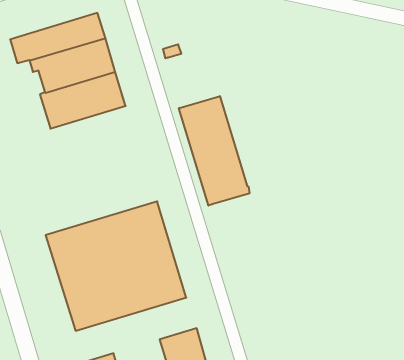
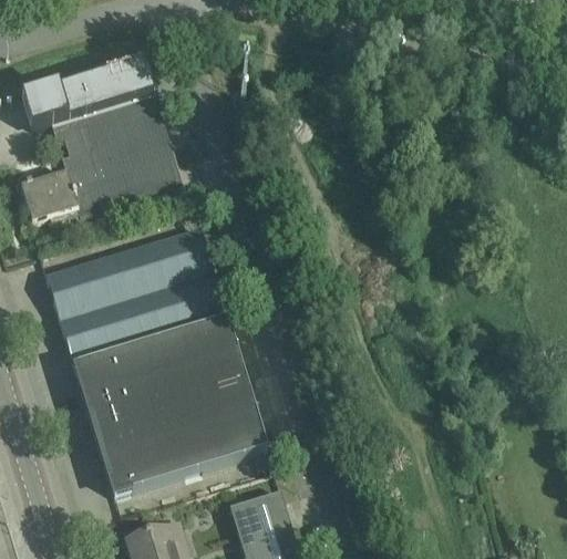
building: none -> [20,169,79,220]
building: [179,96,249,206] -> none
building: none -> [47,227,226,362]

